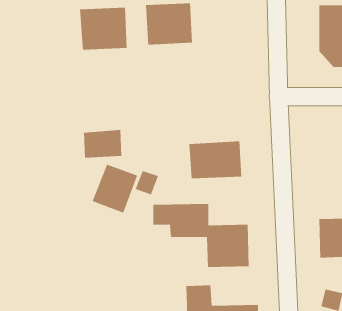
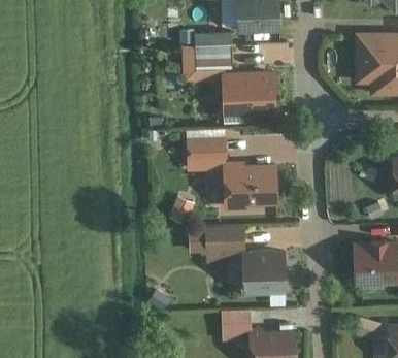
building: [80,7,127,51] -> none
building: none -> [222,71,275,113]
building: [83,130,122,158] -> [187,137,226,166]
building: [92,164,138,213] -> none

